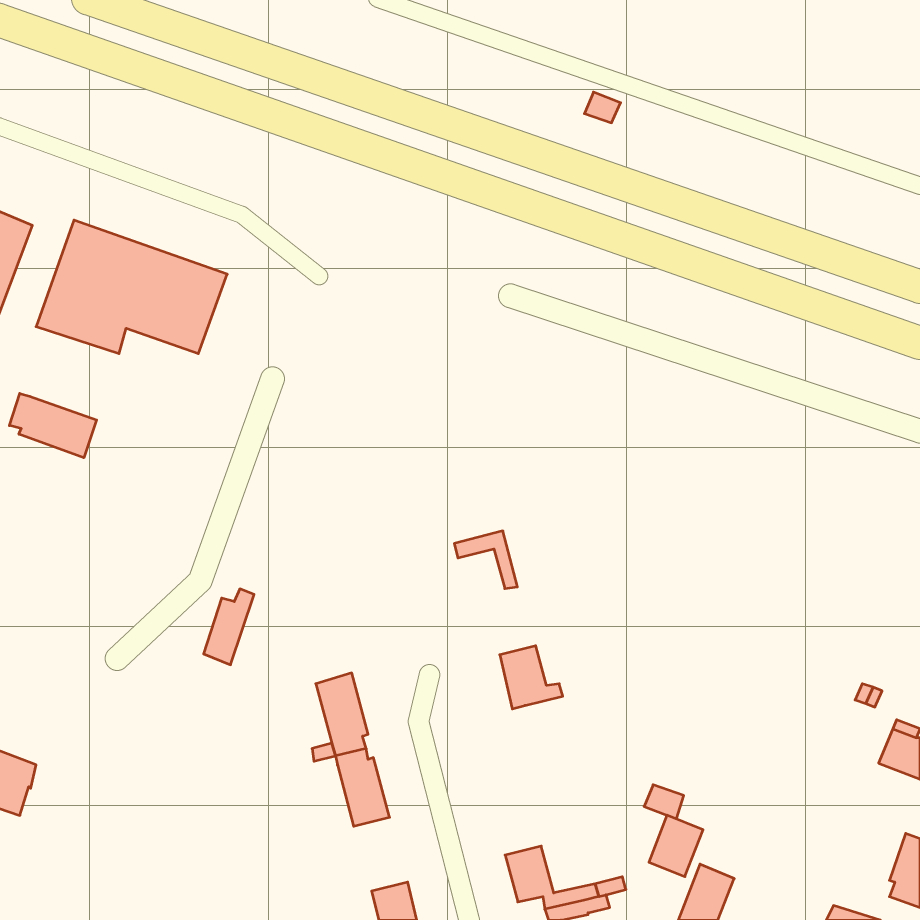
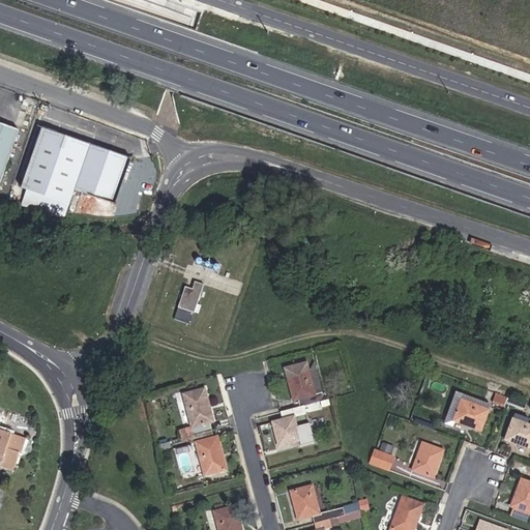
building: [9,393,97,458] -> none
building: [454,531,517,589] -> [285,360,321,393]
building: [204,589,254,665] -> [174,281,203,324]
building: none -> [453,399,488,430]
building: none -> [272,405,303,444]
building: [649,815,703,877] -> [411,442,442,477]

